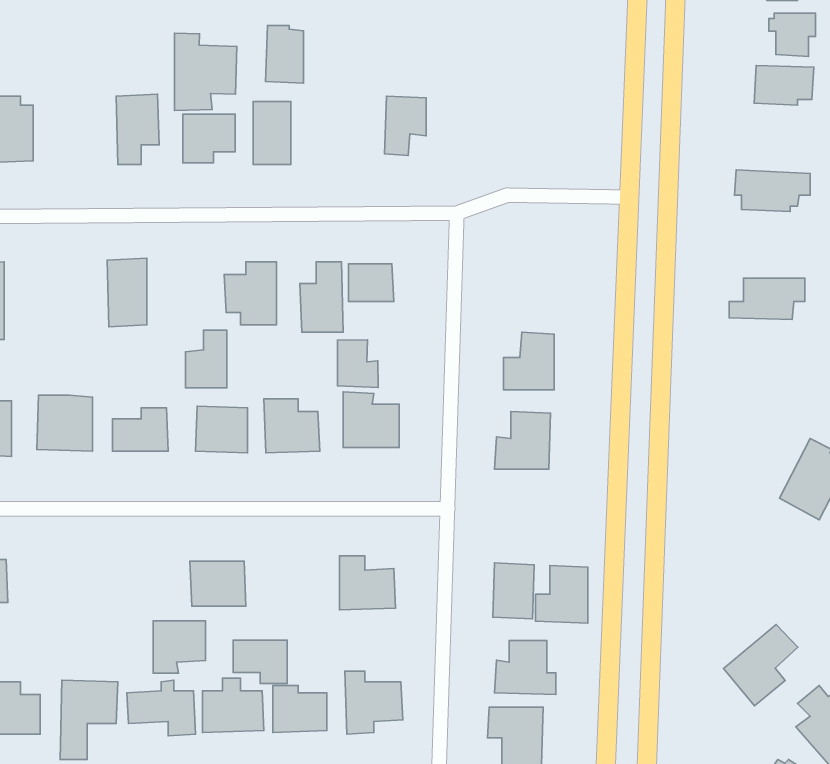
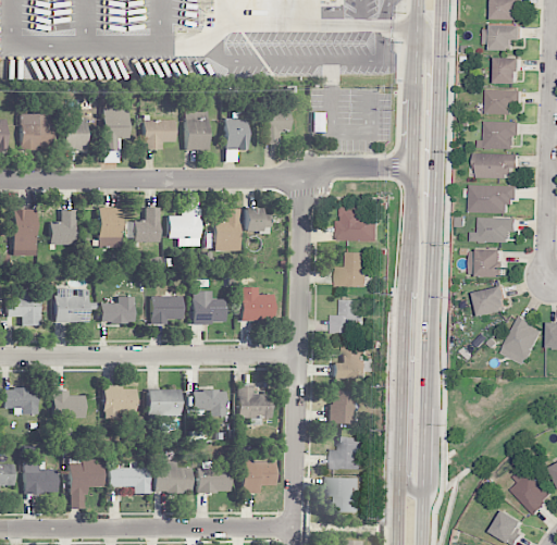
building: [266,26,303,83] -> [224,115,247,150]
building: [175,33,237,110] -> none
building: none -> [63,117,86,150]
building: none -> [480,122,521,149]
building: none -> [471,186,519,214]
building: none -> [337,207,379,240]
building: none -> [49,210,75,245]
building: [185,330,227,388] -> [134,208,159,243]
building: none -> [481,251,509,278]
building: [338,340,378,387] -> none
building: none -> [480,287,510,317]
building: none -> [52,391,85,419]
building: [535,565,588,623] -> [334,345,366,380]
building: [153,621,206,673] -> [103,387,135,419]
building: [723,624,798,706] -> none
building: [233,640,287,683] -> [193,391,225,417]

